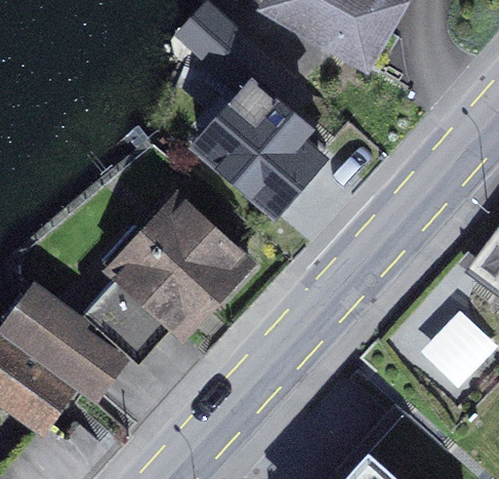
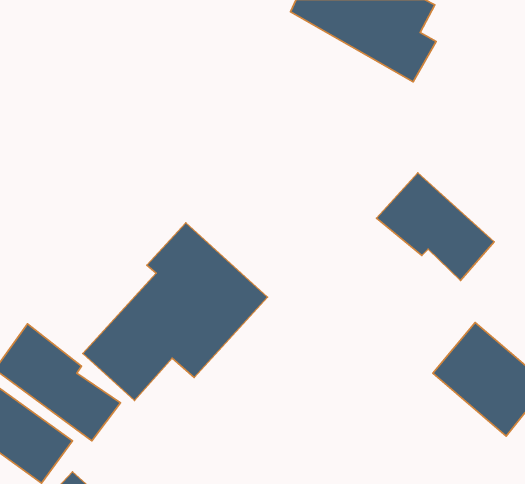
building: [179,7,318,213] -> none
building: none -> [376,173,494,281]

